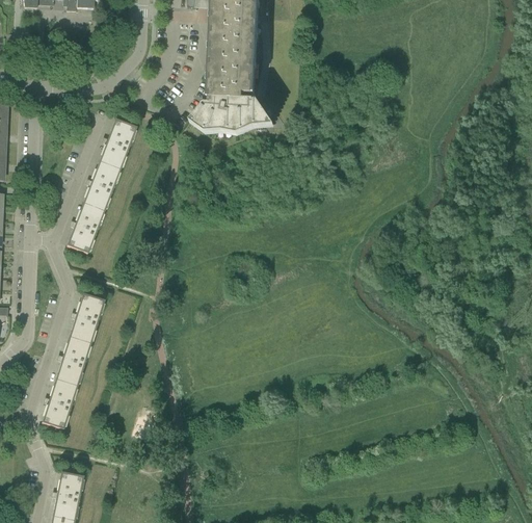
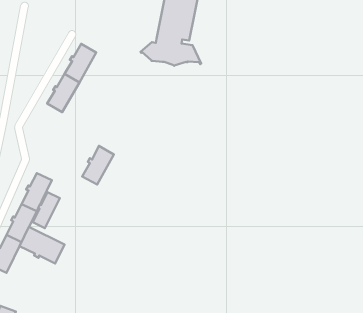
building: [66,204,103,254] -> [82,146,114,184]
building: none -> [33,192,60,228]
building: none -> [20,227,65,264]

